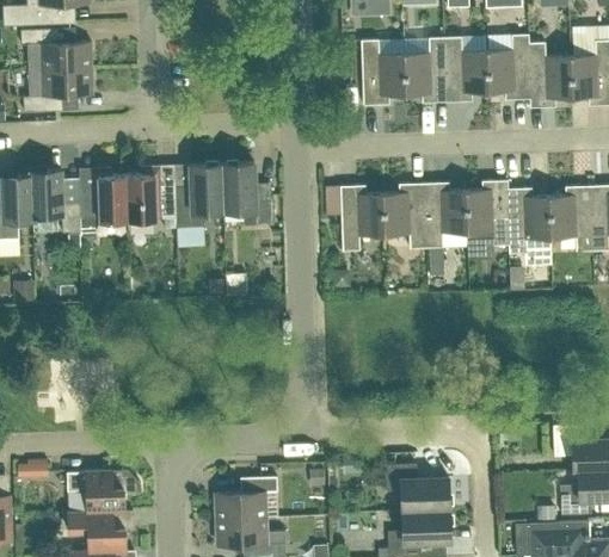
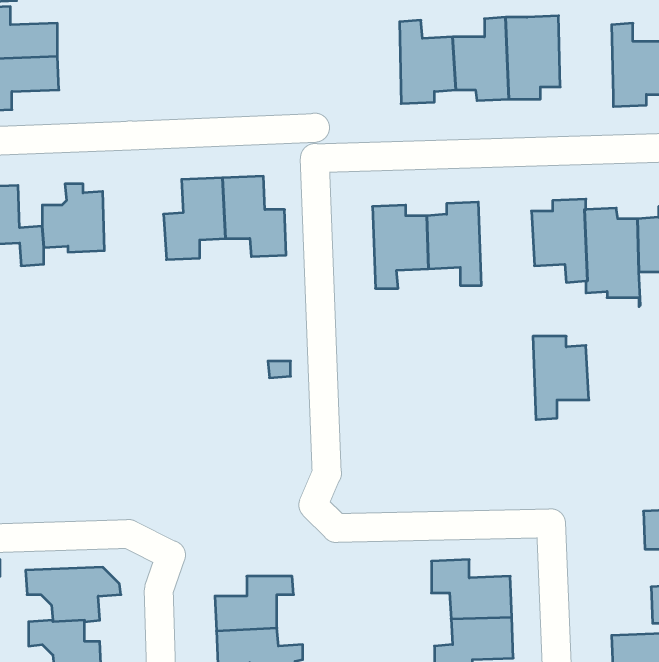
building: [486,35,529,100] -> none
building: [127,166,176,221] -> none
building: [423,182,467,248] -> [533,336,589,420]

